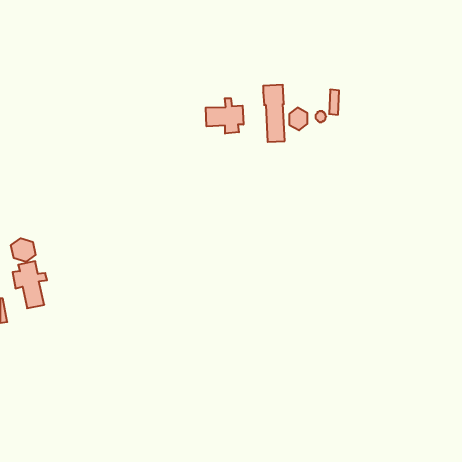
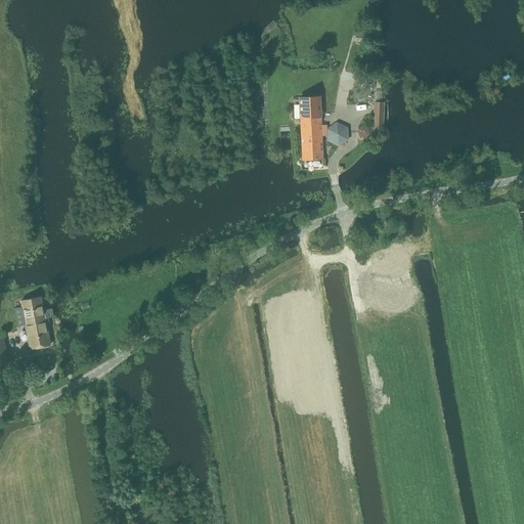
building: [206,98,243,134] -> none
building: [11,238,36,262] -> none

